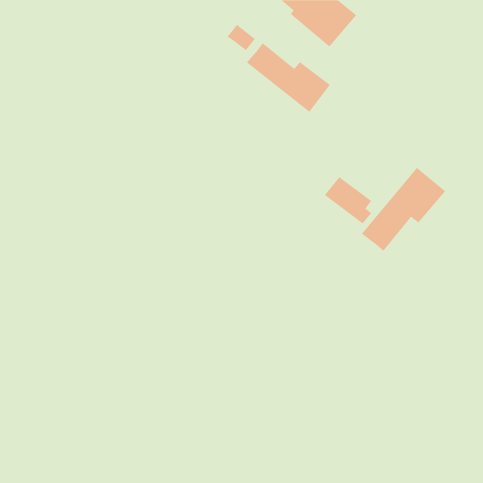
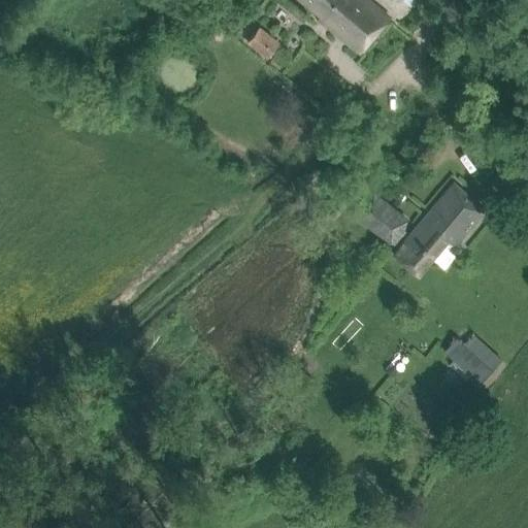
building: [246,42,331,113] -> none
building: none -> [444,338,500,389]

